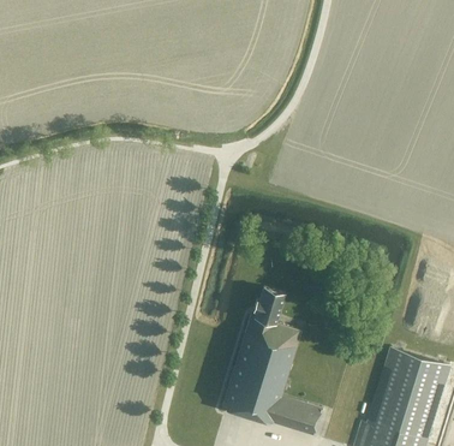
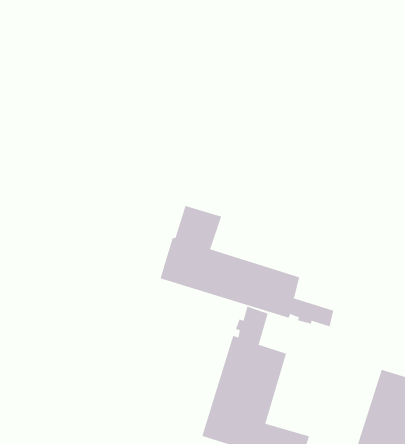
building: none -> [160,205,334,327]

